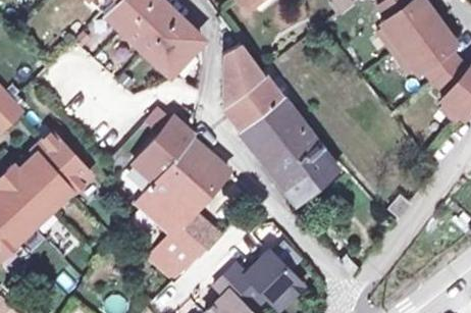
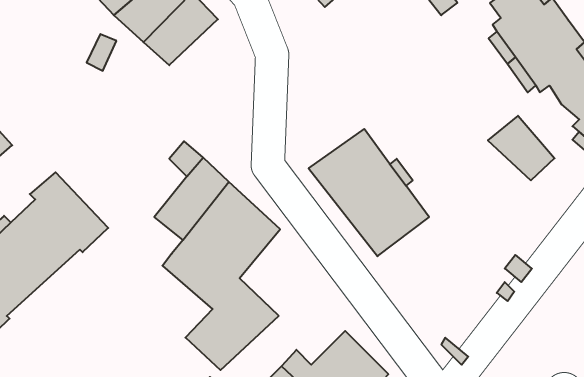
building: [139,17,198,73] -> none
building: [229,43,285,129] -> none
building: none -> [488,116,555,180]

